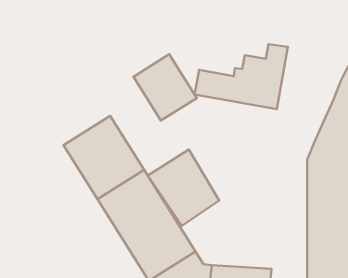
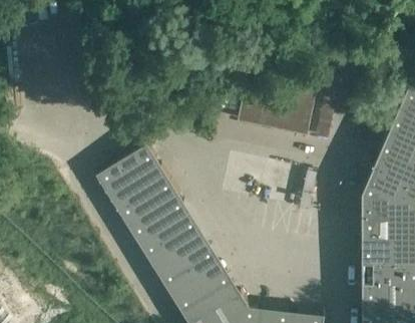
building: [133,54,197,121] -> none
building: [148,150,219,226] -> none

